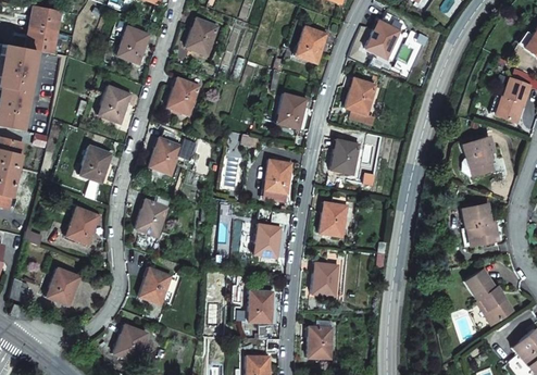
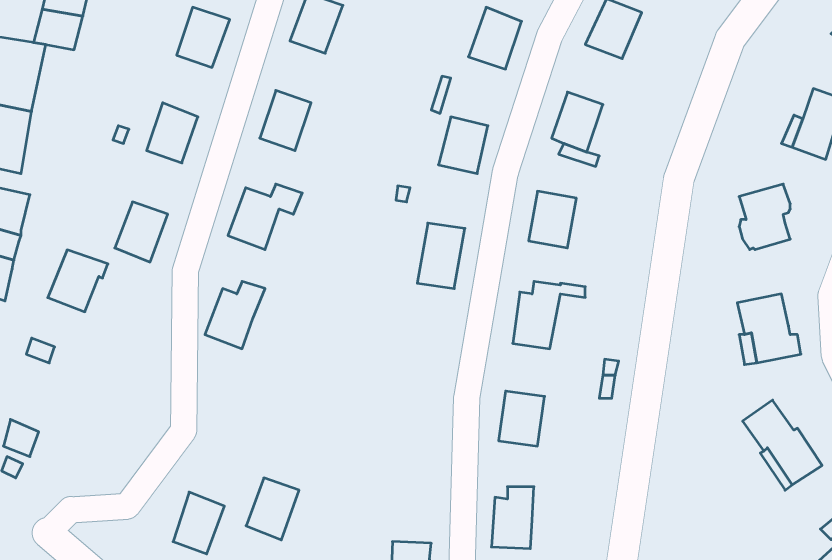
building: [63,208,100,246] -> [48,250,108,312]
building: [254,225,283,259] -> none
building: [137,267,170,305] -> [246,478,299,540]
building: [45,268,78,307] -> none
building: [250,290,275,323] -> none

